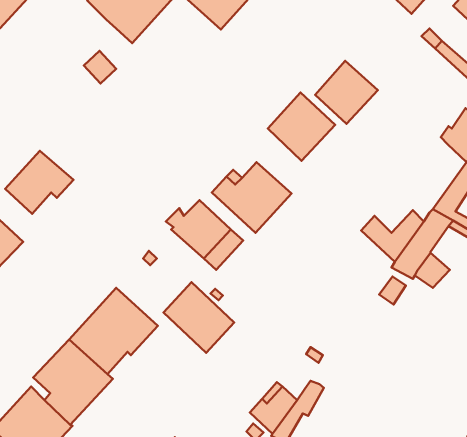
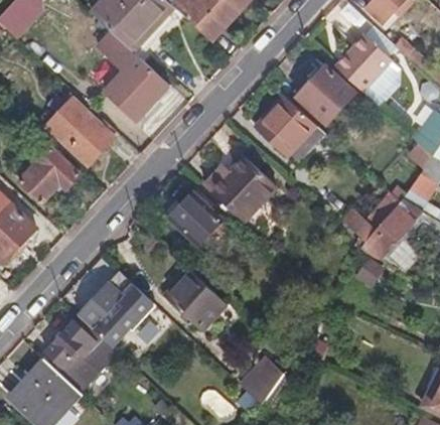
building: none -> [95,30,169,121]
building: none -> [334,35,398,107]
building: none -> [45,99,117,166]

